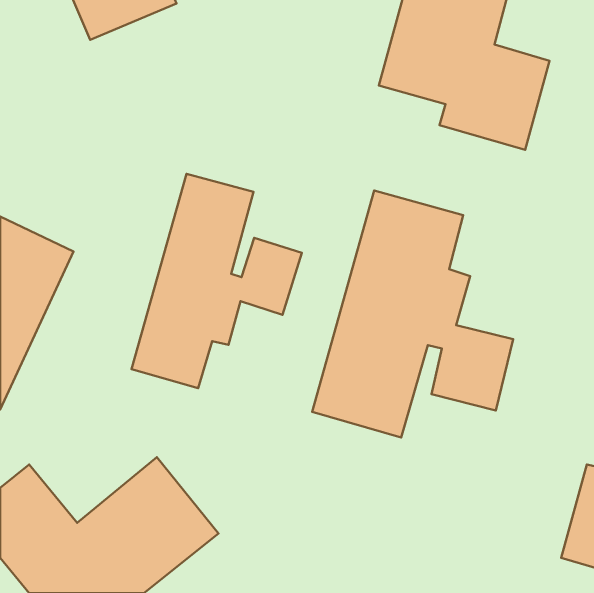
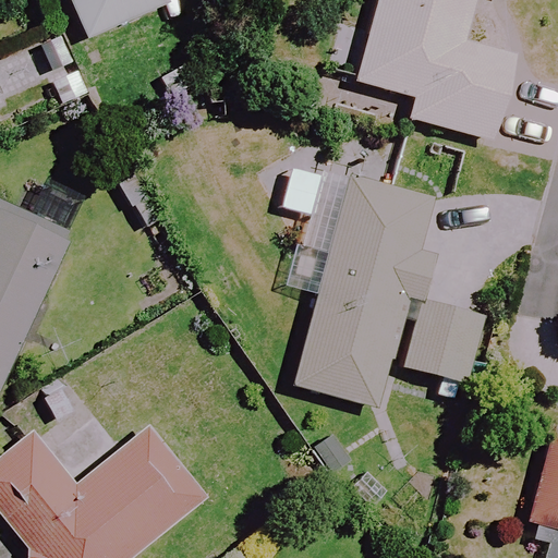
building: [131,174,302,388] -> none

